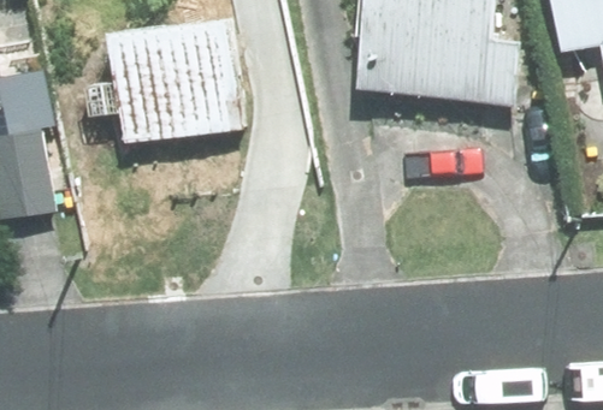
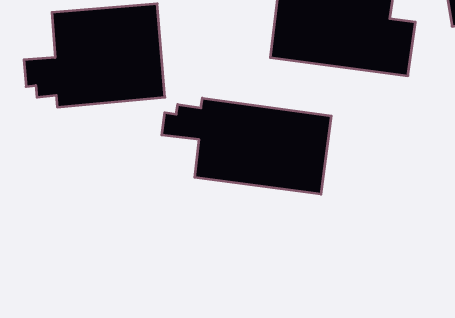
building: none -> [162,98,331,194]

